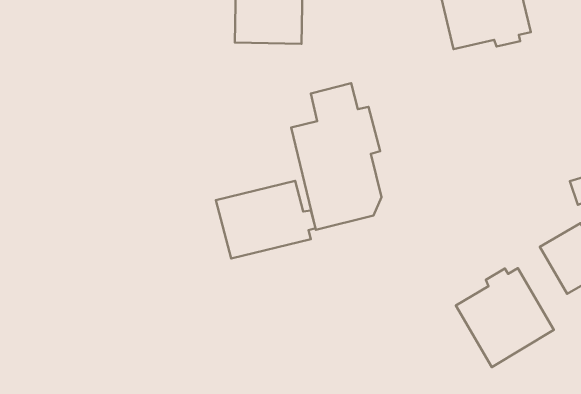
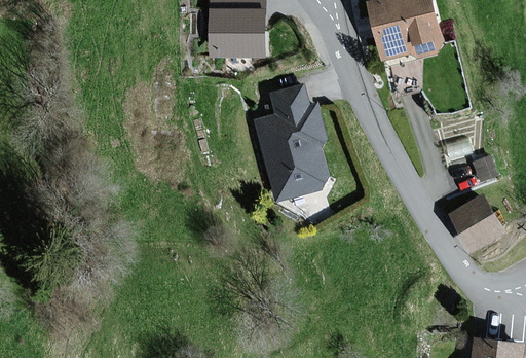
building: [216,181,315,258] -> none
building: [456,268,554,367] -> none

